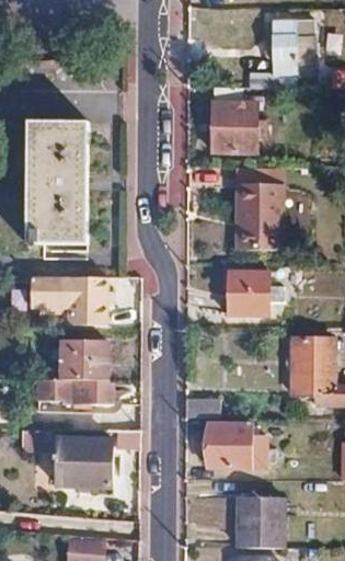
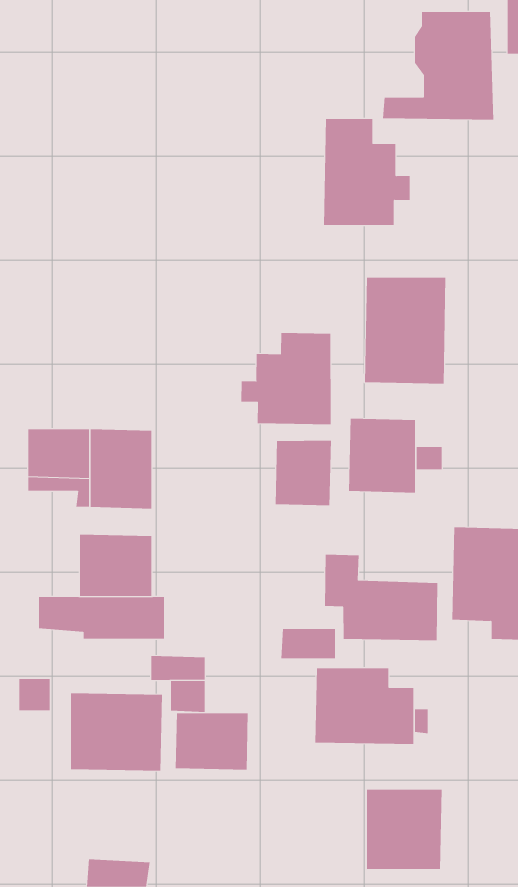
building: [26,122,87,244] -> none
building: none -> [241,332,331,425]
building: none -> [275,440,332,506]
building: none -> [325,554,438,641]
building: none -> [175,713,248,770]

